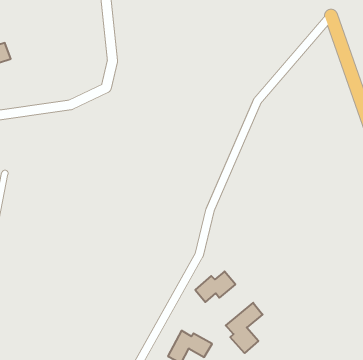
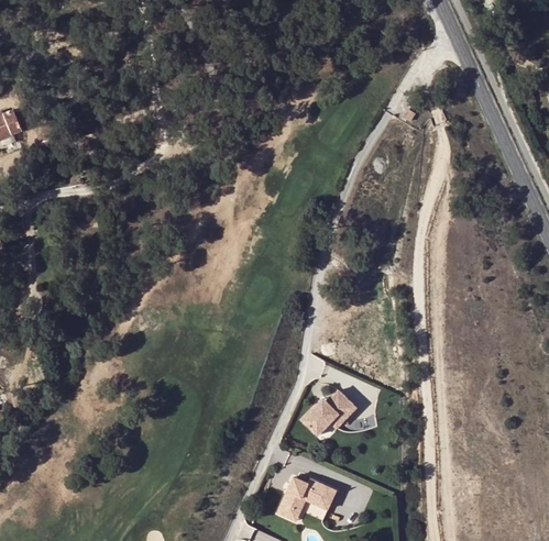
building: [226,303,263,353] -> none

